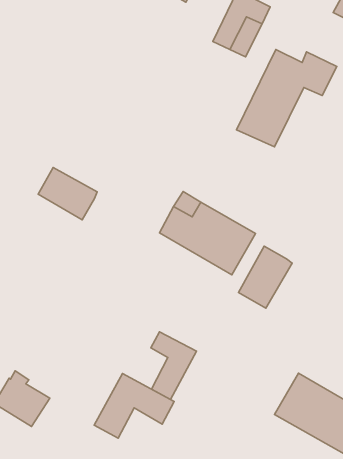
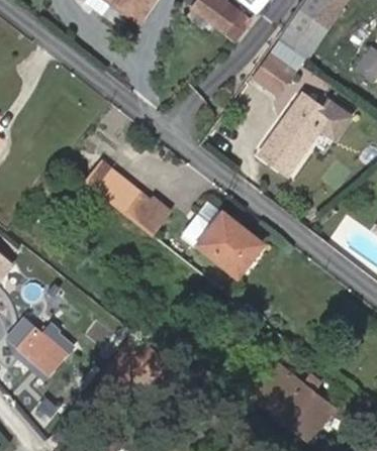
building: none -> [120,193,166,234]
building: [238,246,292,308] -> none
building: [151,332,197,399] -> none

